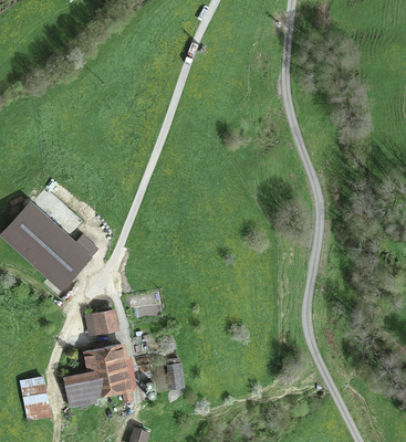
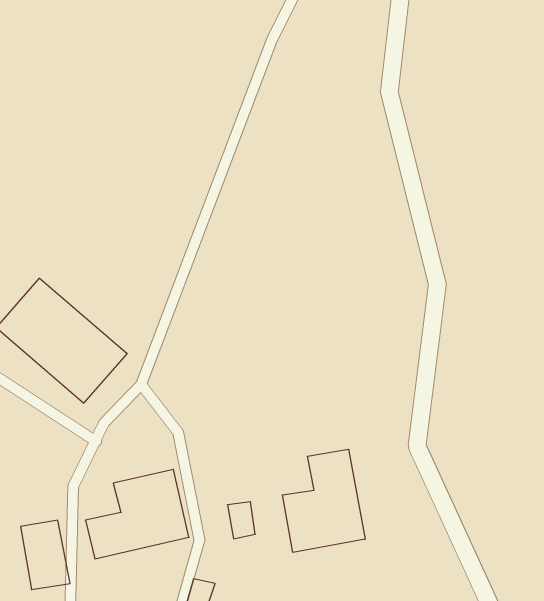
building: [82,308,119,336] -> none
building: none -> [282,449,365,552]

